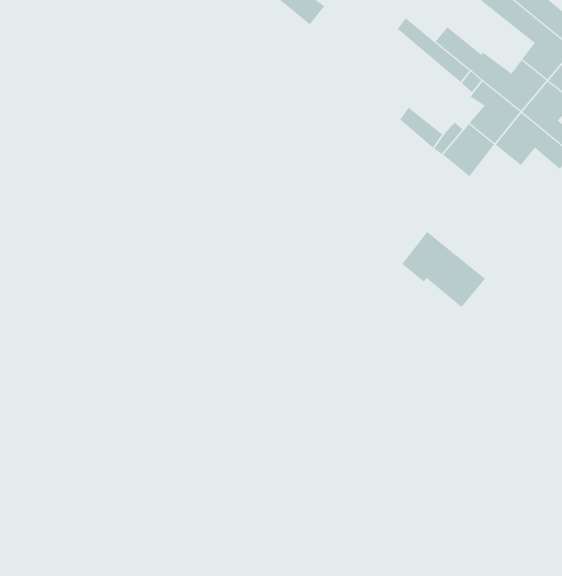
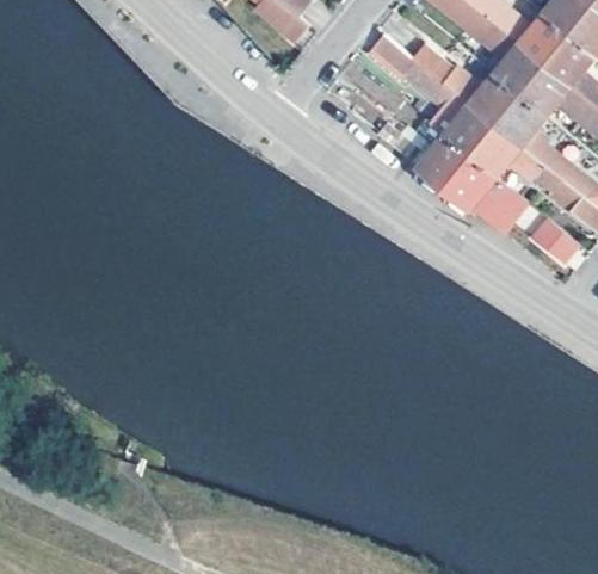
building: [402,231,486,308] -> [448,158,528,230]

